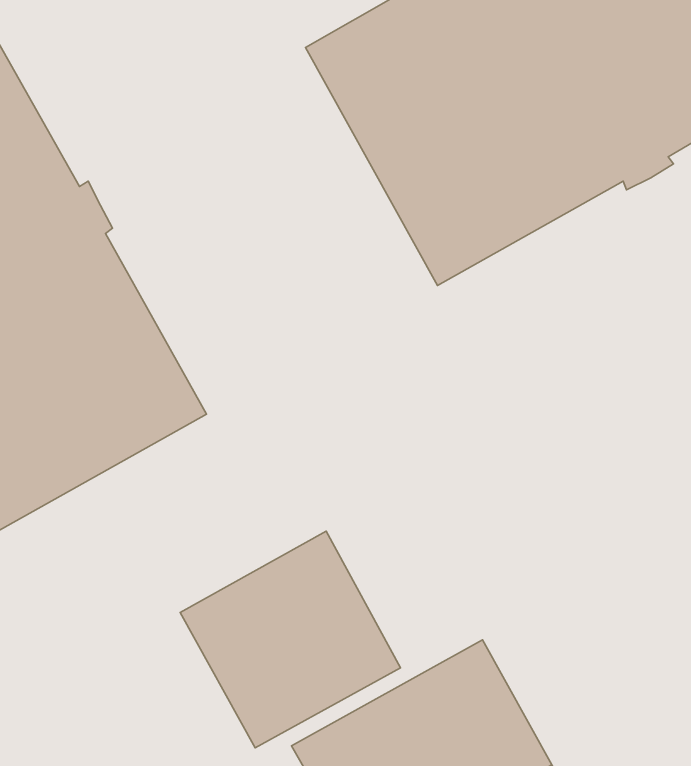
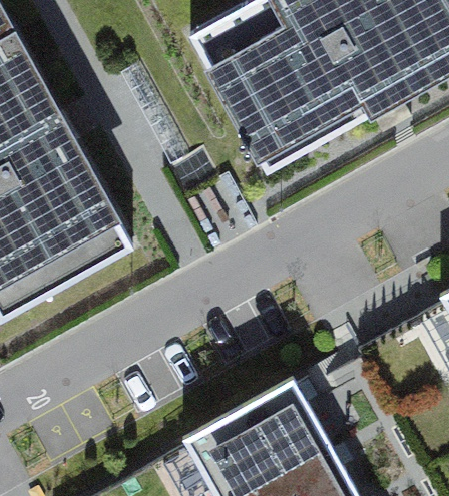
building: [180,531,401,748] -> none

